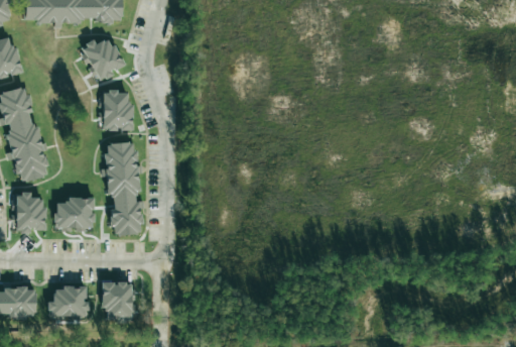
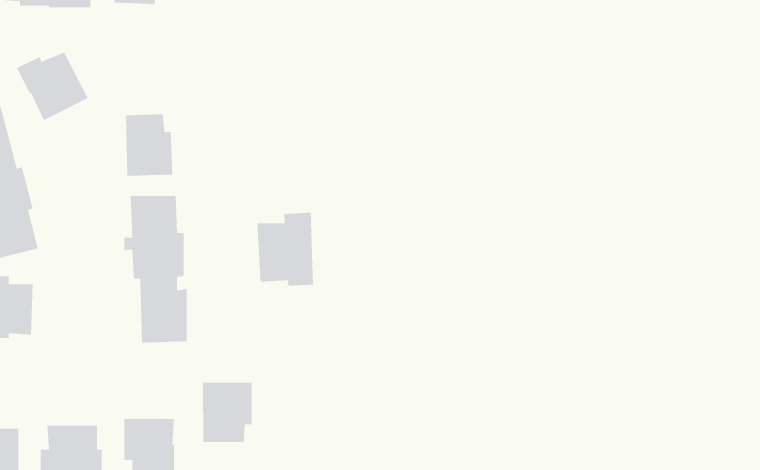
building: [80,37,125,81] -> [16,52,88,121]
building: none -> [257,212,314,287]
building: [55,197,94,230] -> none
building: none -> [202,382,252,443]

